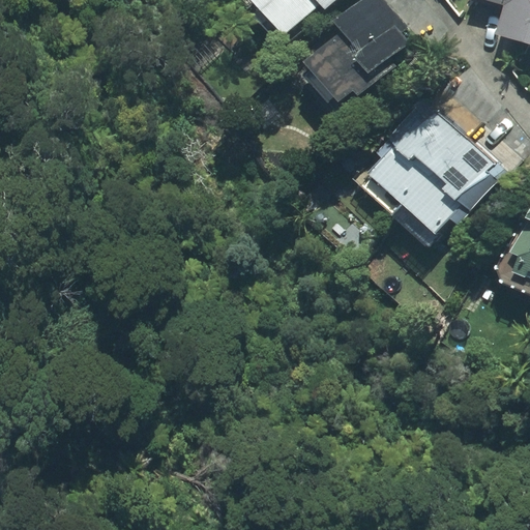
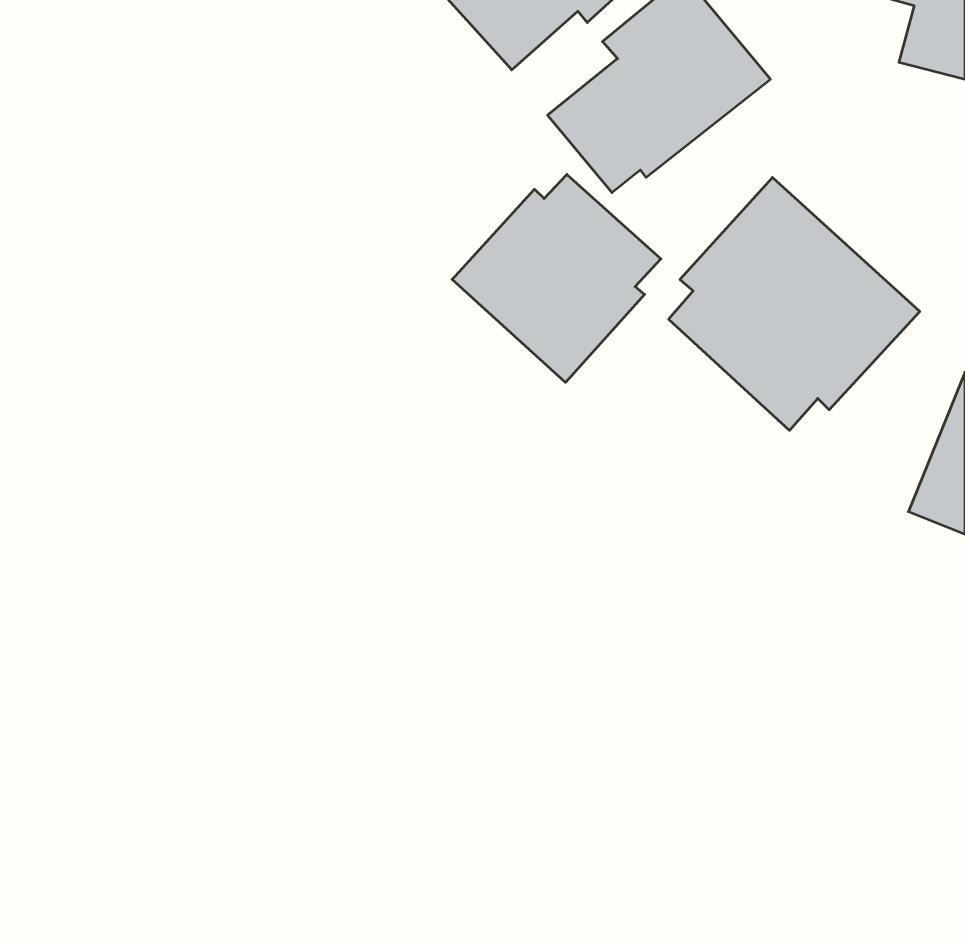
building: none -> [452,174,661,382]

